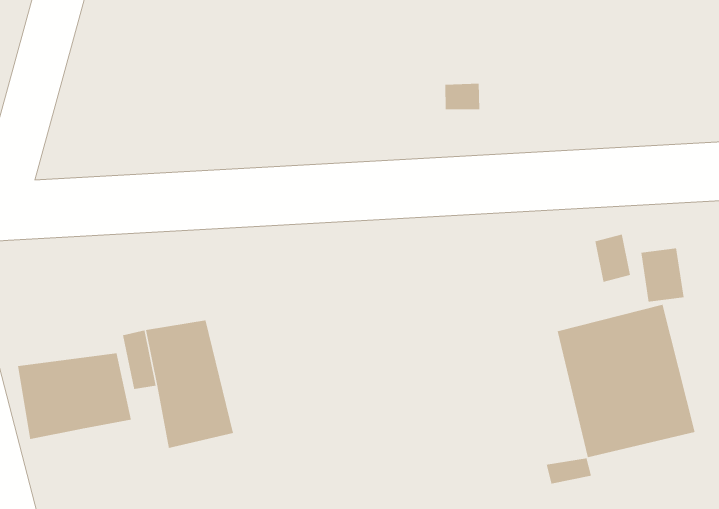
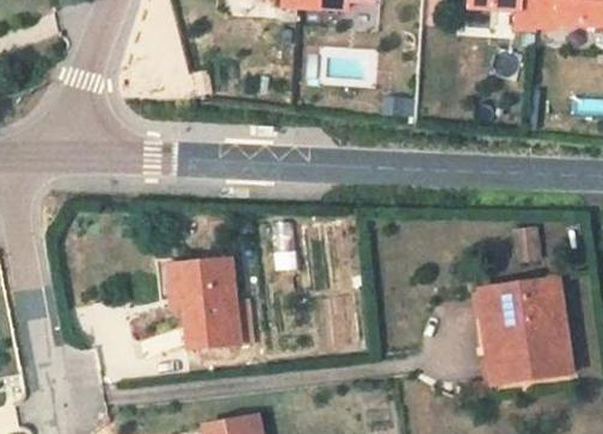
building: [18,353,132,440] -> none

